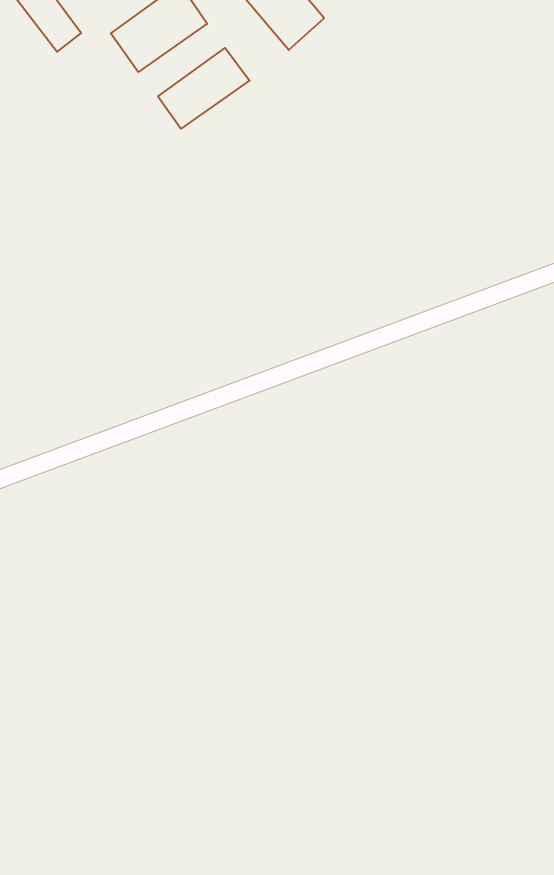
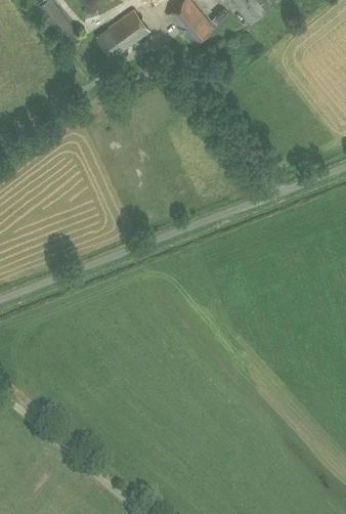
building: [158,48,250,129] -> none

